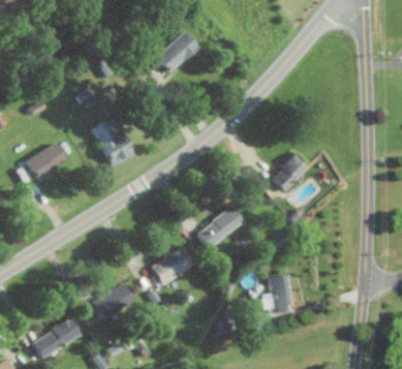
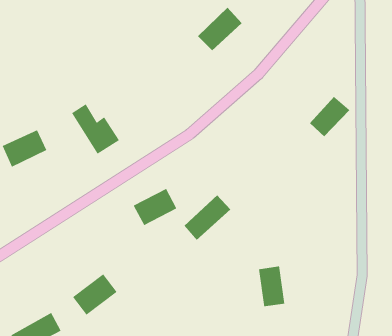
building: [152,30,195,72] -> [197,7,243,51]
building: [269,153,308,192] -> [309,96,350,137]
building: [148,248,190,284] -> [133,188,177,226]

